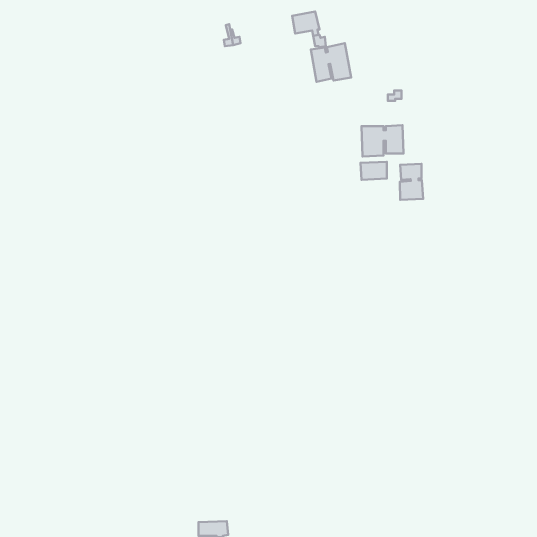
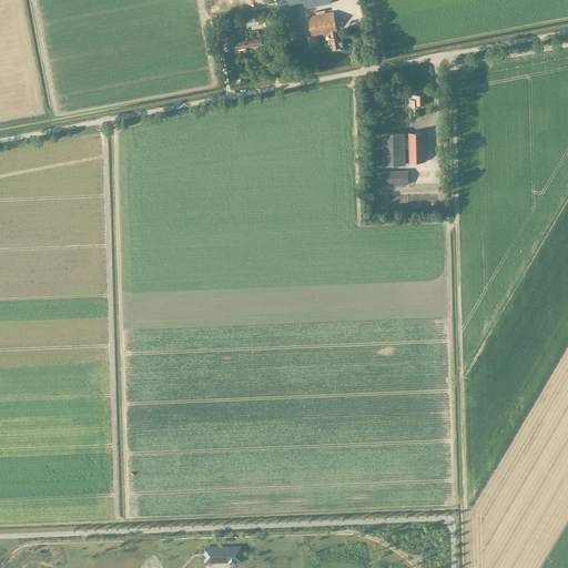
building: [311,43,351,82] -> none
building: [400,164,423,200] -> none

